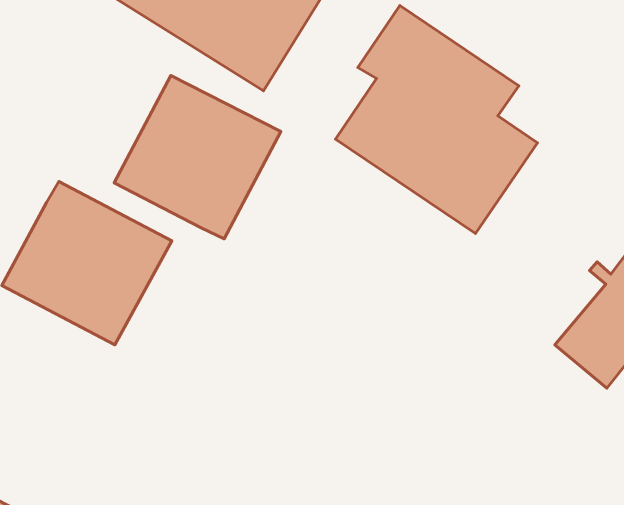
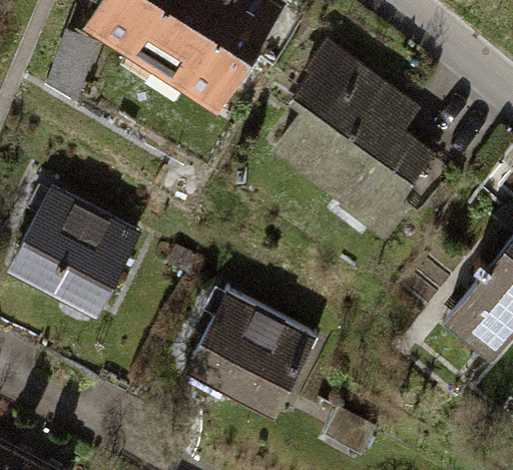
building: [114,76,281,239] -> none
building: none -> [184,292,318,420]

